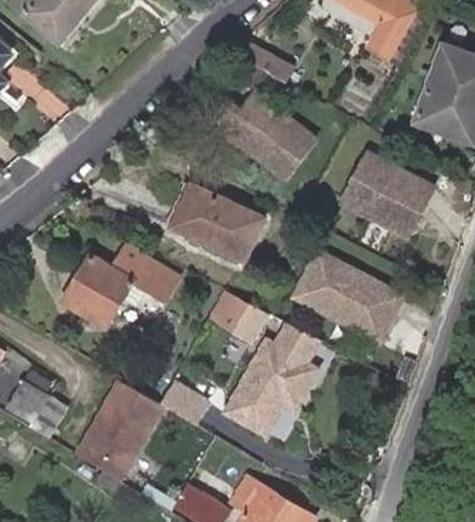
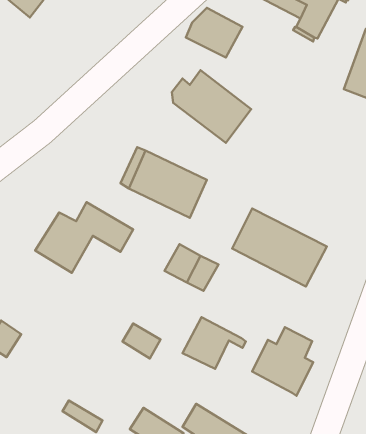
building: [338,149,428,230] -> none
building: [254,326,325,405] -> [252,327,313,396]
building: [76,385,159,478] -> none

